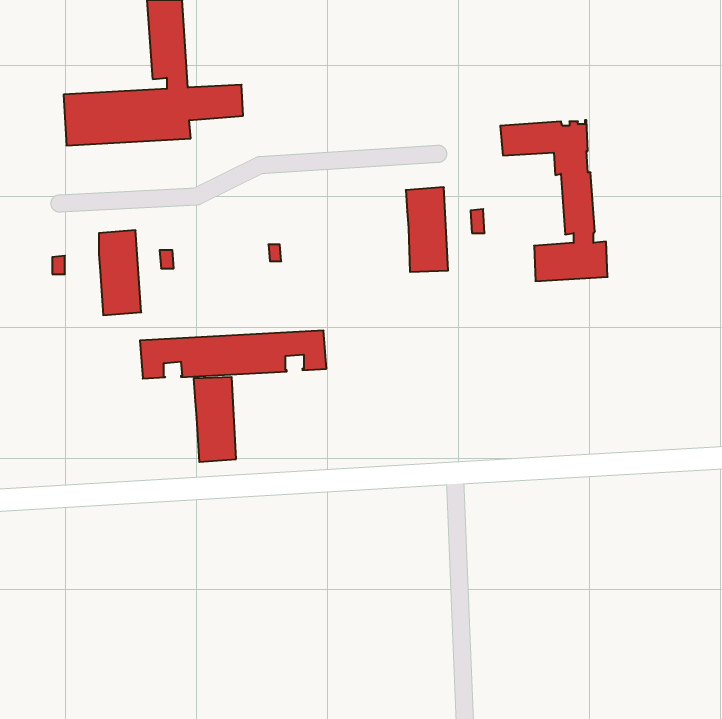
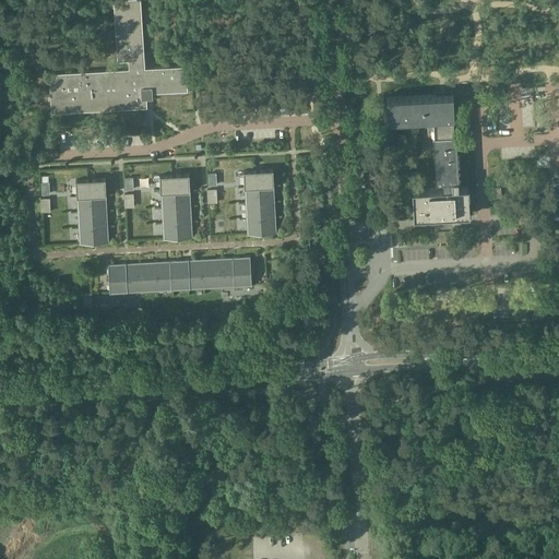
building: [406,187,448,272] -> [243,170,276,236]
building: [194,377,236,462] -> [159,176,192,241]

